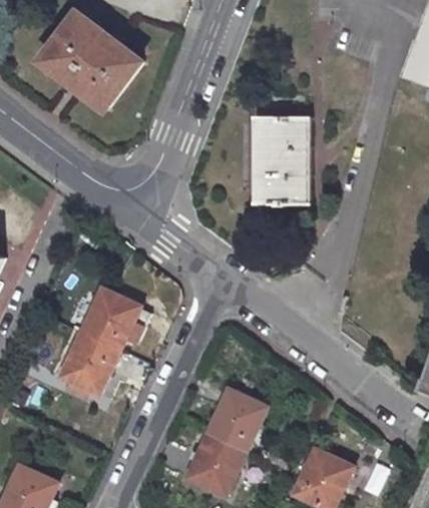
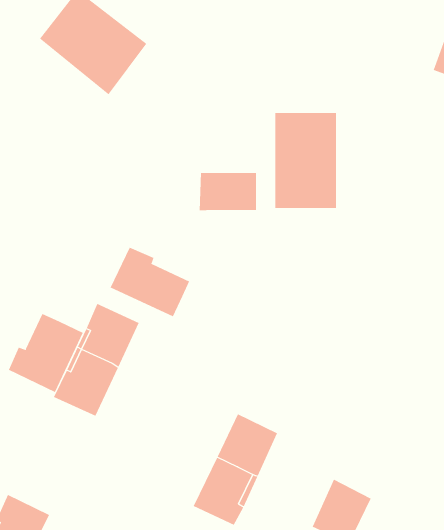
building: none -> [199,172,257,211]
building: none -> [110,247,190,317]
building: none -> [8,313,83,393]

